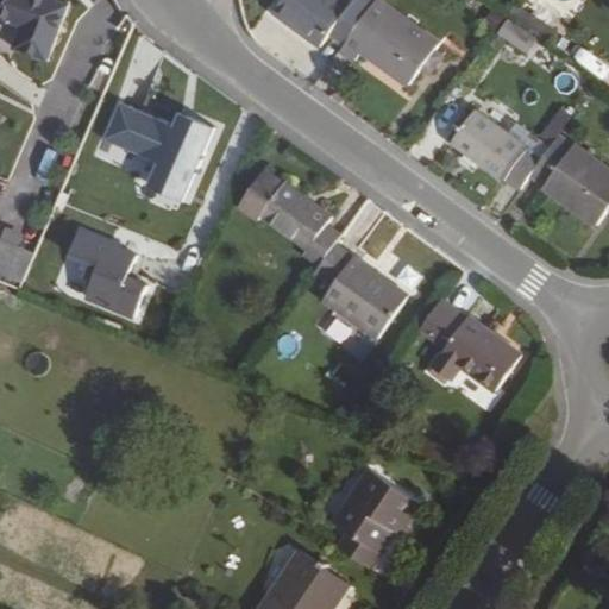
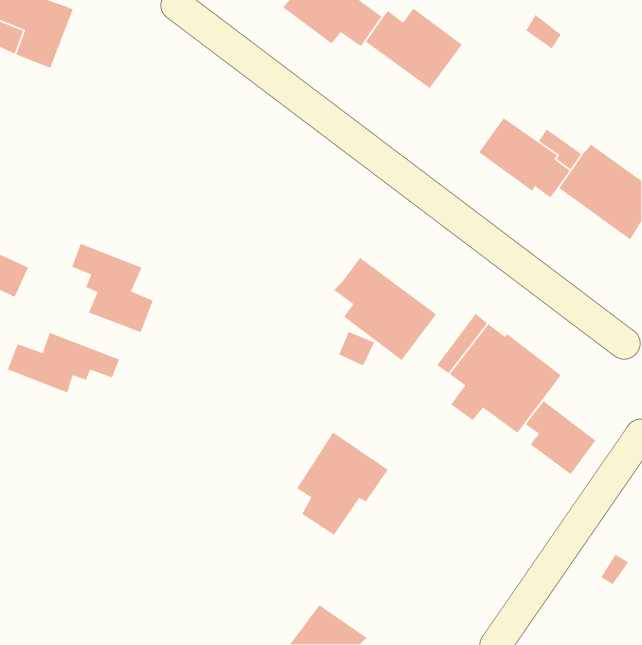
building: [100,95,215,196] -> none
building: [241,170,340,264] -> none
building: none -> [7,332,120,394]
building: none -> [525,400,597,475]
building: [333,483,420,580] -> [296,431,389,536]

